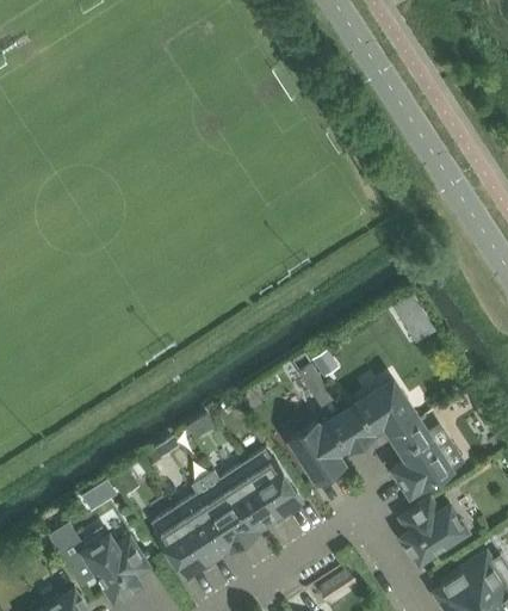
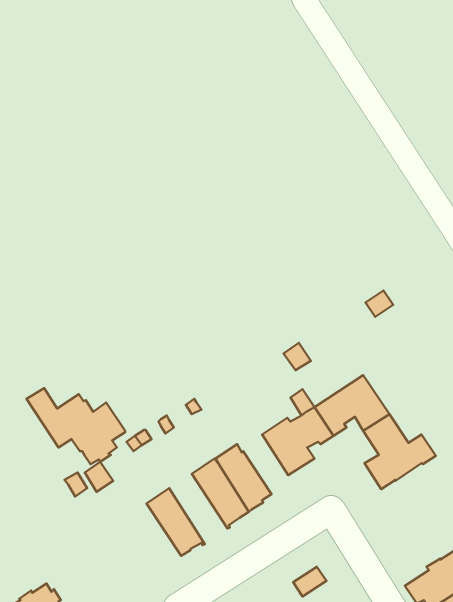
building: [197,480,255,550] -> none
building: [399,500,466,562] -> none
building: [151,510,209,575] -> none
building: [49,524,148,600] -> [26,388,125,464]

